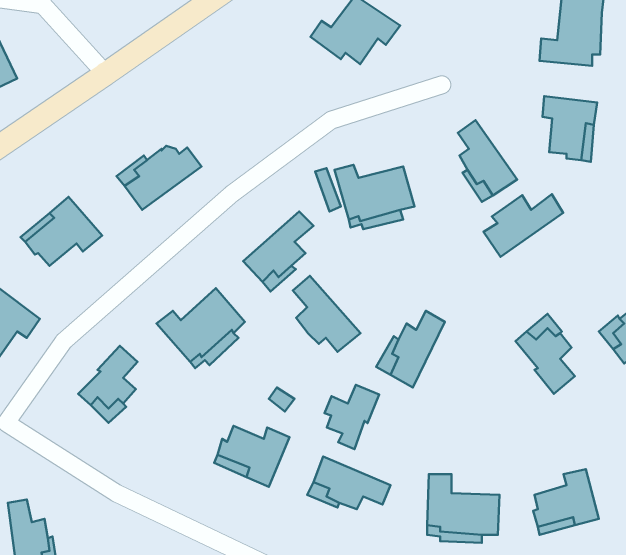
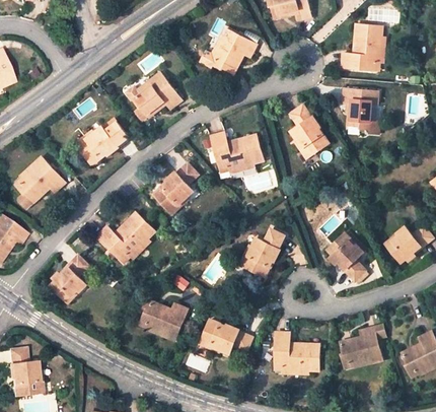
building: none -> [128,74,181,123]
building: [484,194,563,257] -> none
building: [293,276,361,352] -> none
building: [324,385,379,449] -> none

